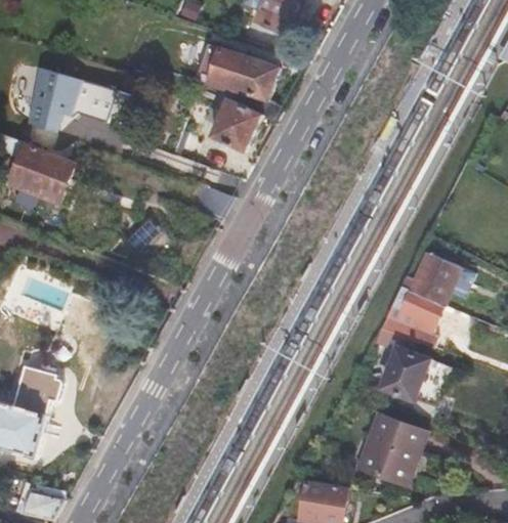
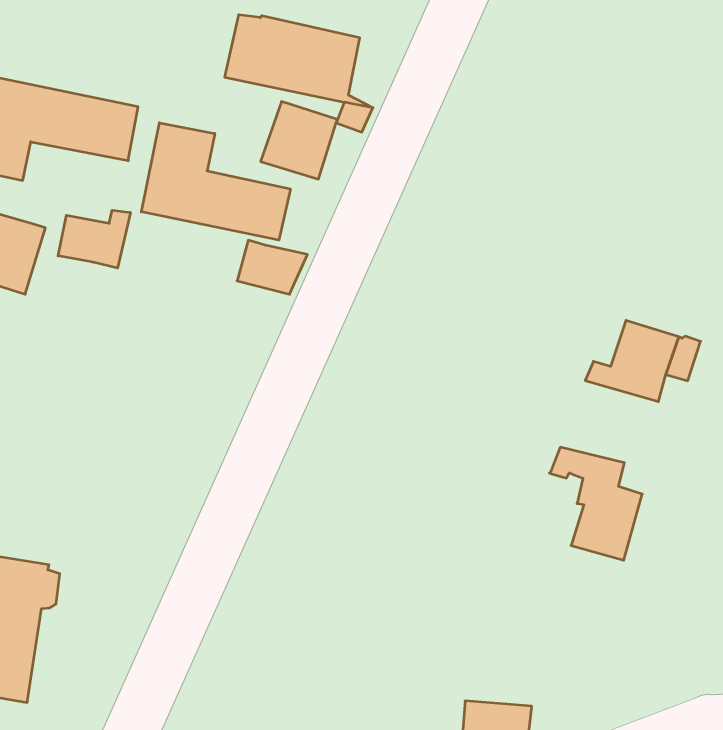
building: none -> [141,123,290,240]
building: none -> [58,210,130,268]
building: [380,290,443,349] -> none
building: [353,417,424,488] -> none

